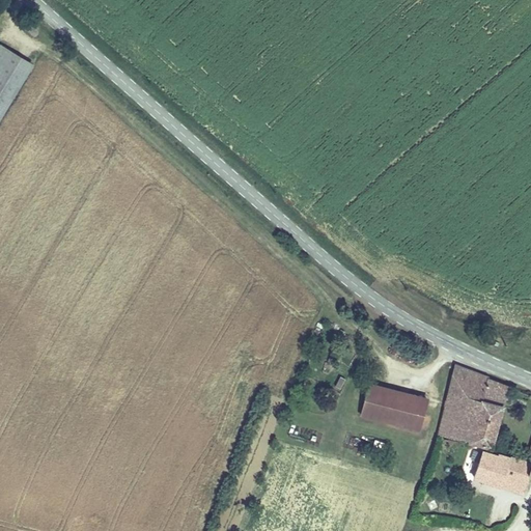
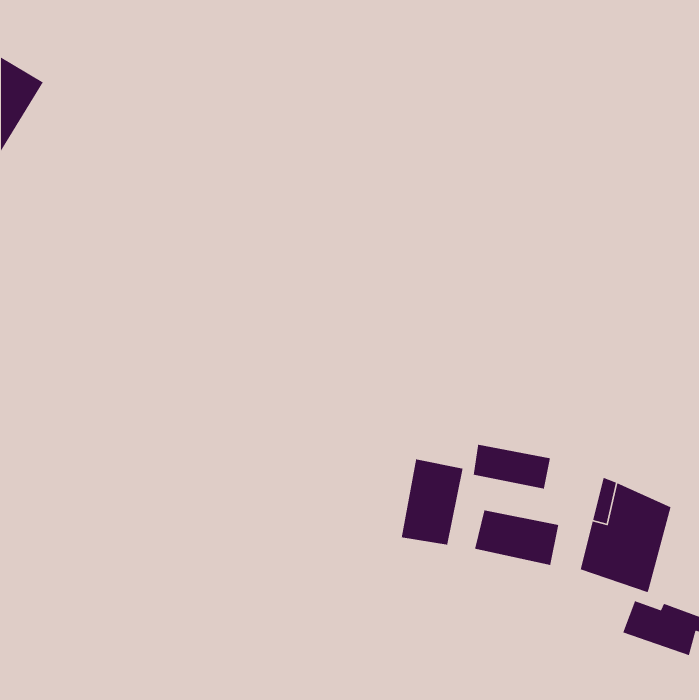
building: none -> [473,444,551,490]
building: none -> [401,459,463,546]

